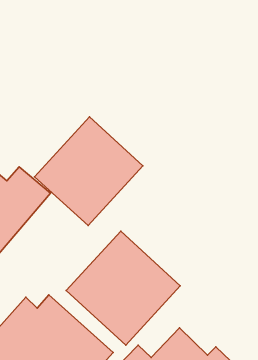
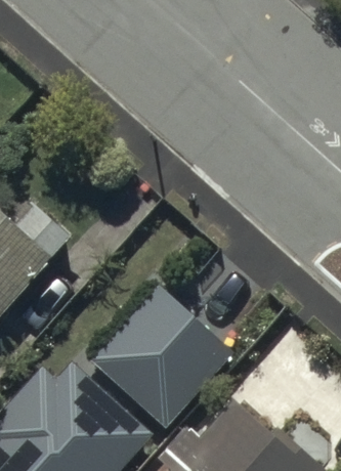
building: [35,117,143,226] -> none

